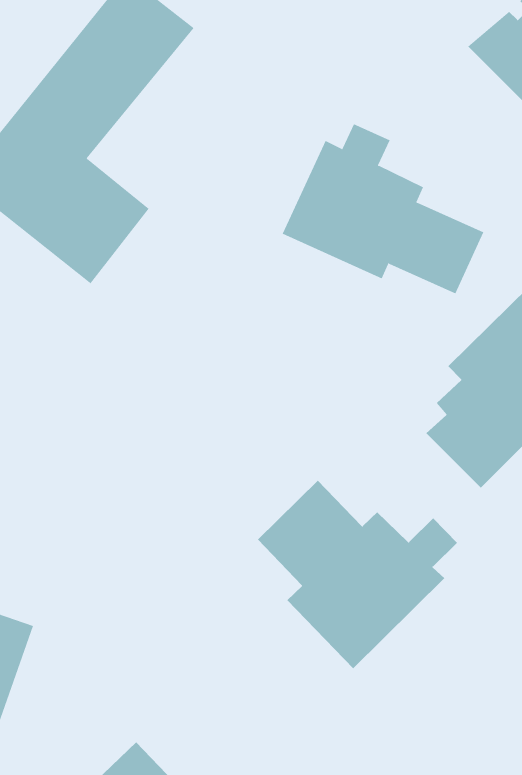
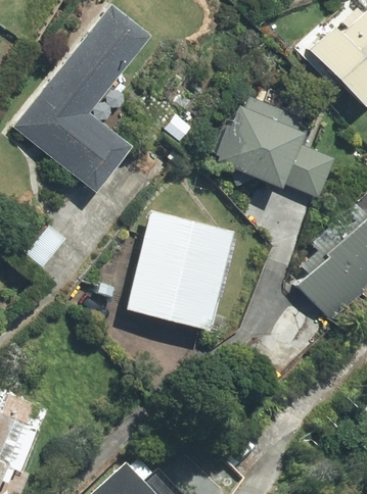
building: none -> [125,209,226,331]
building: [257,480,458,669] -> none

